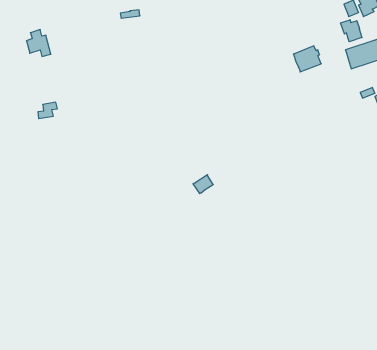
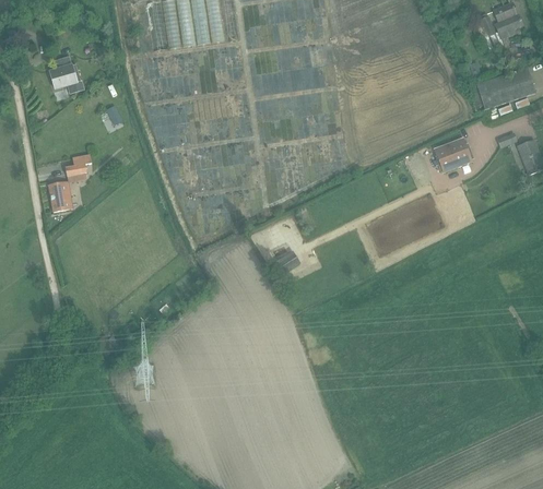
building: [341,20,362,42] -> none
building: [293,46,321,72] -> [434,136,471,171]
building: none -> [48,180,72,211]

